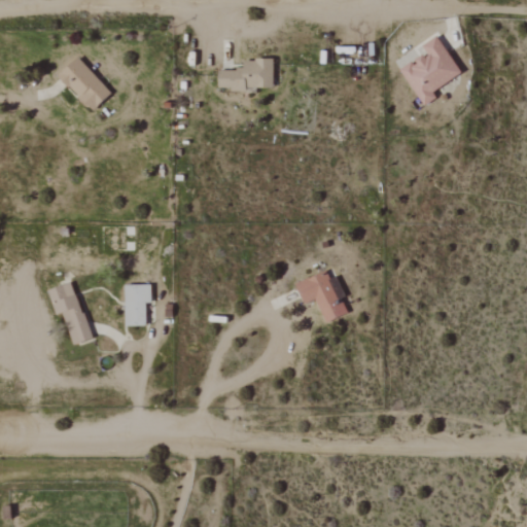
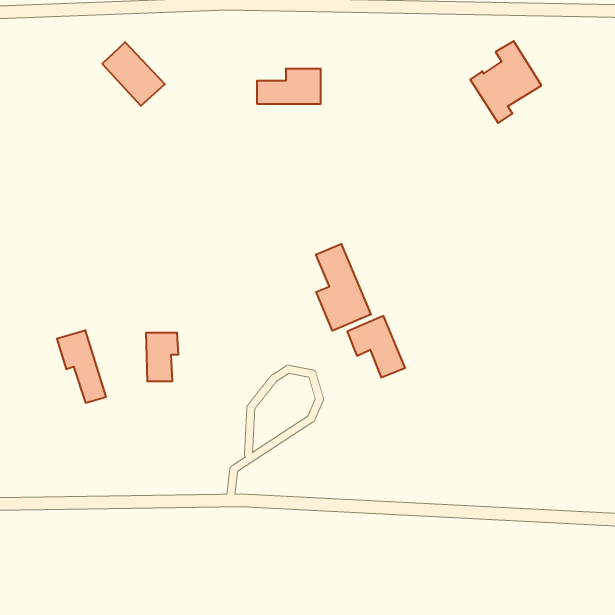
building: [59,57,112,111] -> [102,42,165,106]
building: none -> [316,244,371,331]

